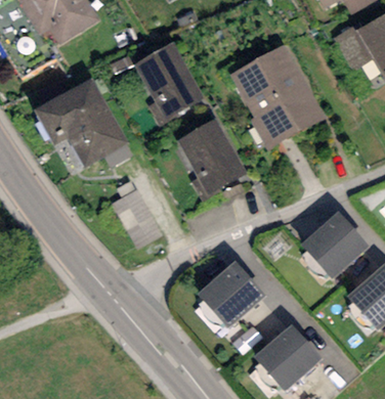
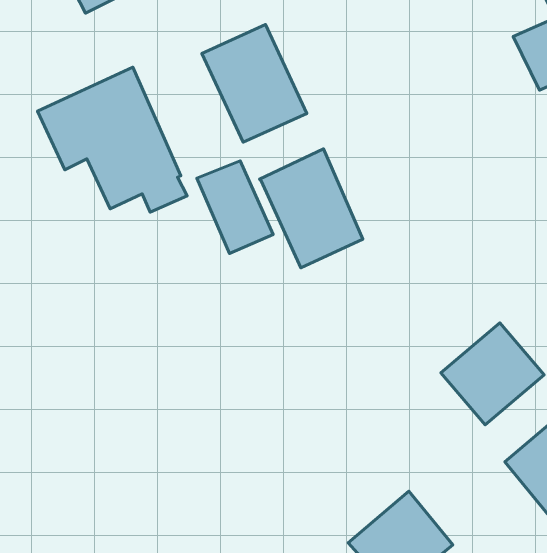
building: [228,42,326,148] -> none
building: [110,188,161,248] -> [197,161,273,254]
building: [196,265,262,330] -> none

